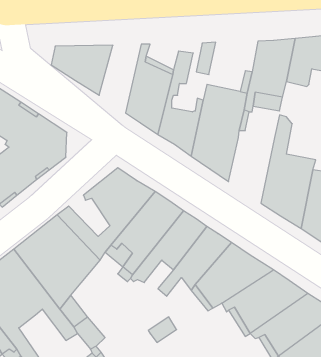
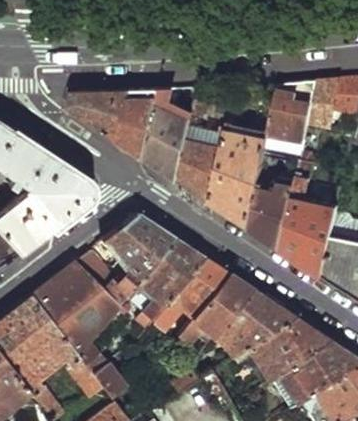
building: none -> [118,89,161,159]
building: none -> [250,182,297,251]

